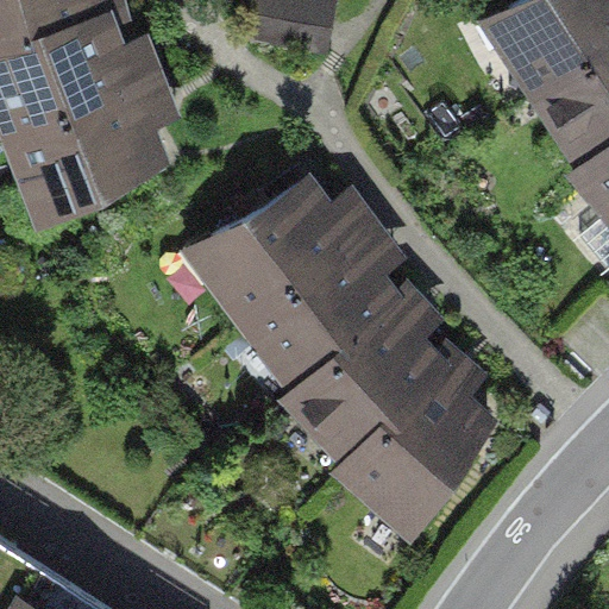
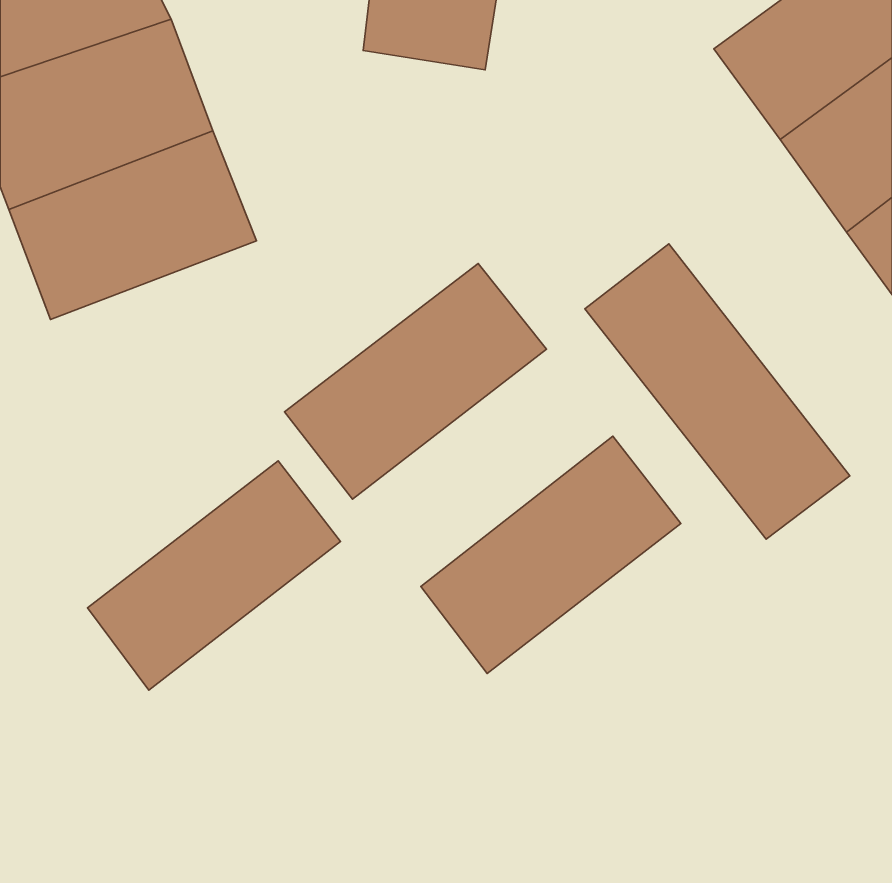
building: none -> [585,244,850,539]
building: [240,238,417,400] -> none
building: none -> [87,461,341,690]
building: [332,357,510,517] -> none

